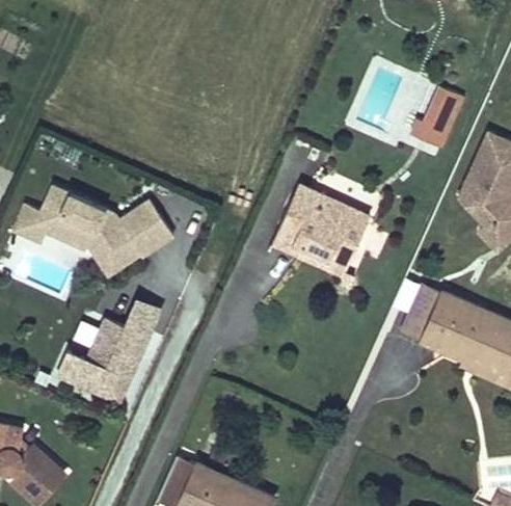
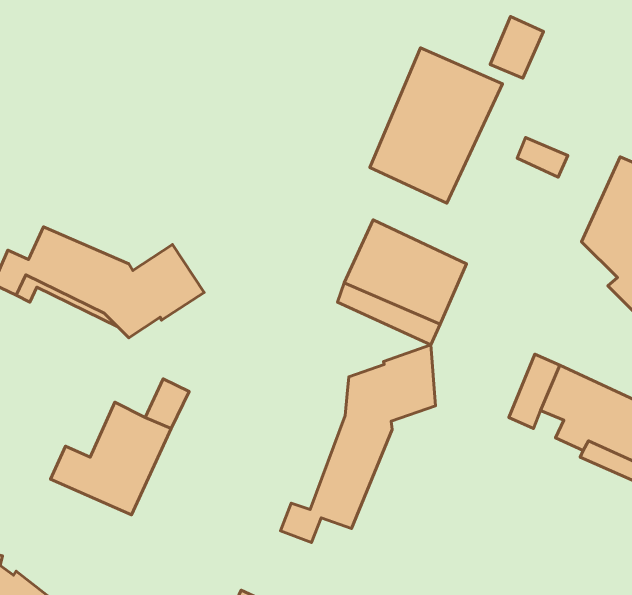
building: none -> [370,48,503,203]
building: [423,85,463,132] -> [490,16,544,78]
building: none -> [281,345,436,542]

